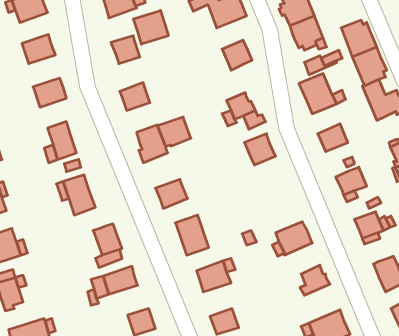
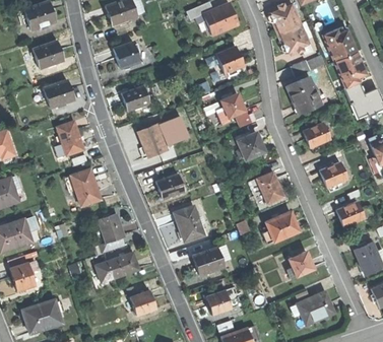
building: [133,10,168,44] -> none
building: none -> [257,172,283,203]

